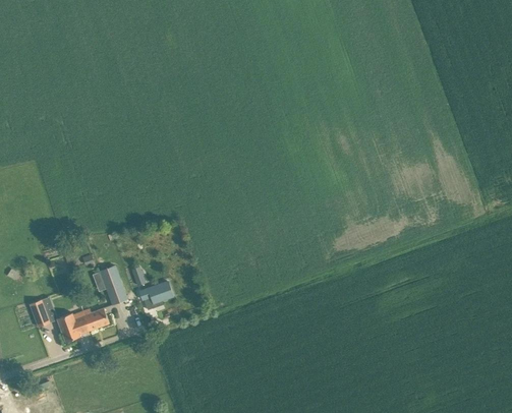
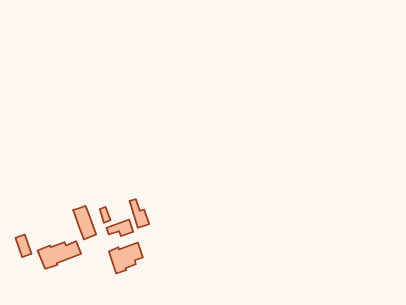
building: none -> [130,199,149,228]
building: none -> [109,243,143,273]

